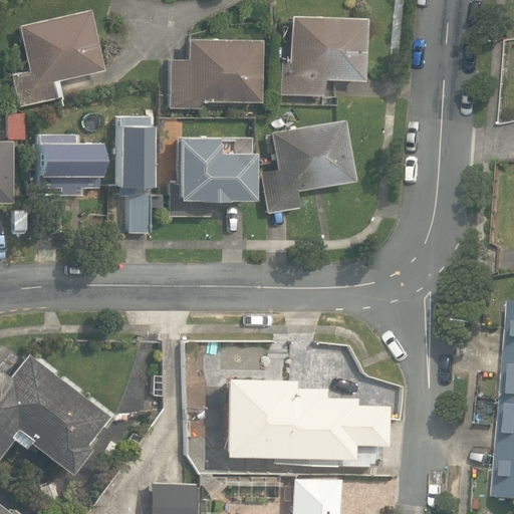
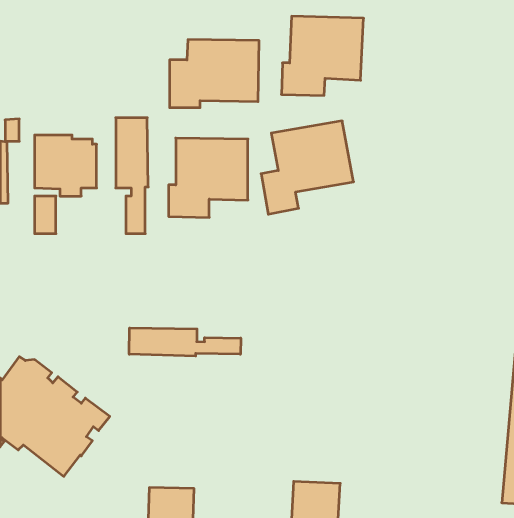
building: [15,11,104,106] -> none
building: none -> [129,328,241,356]
building: [223,376,382,466] -> none

